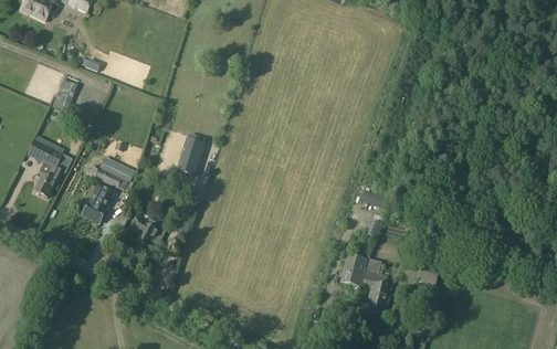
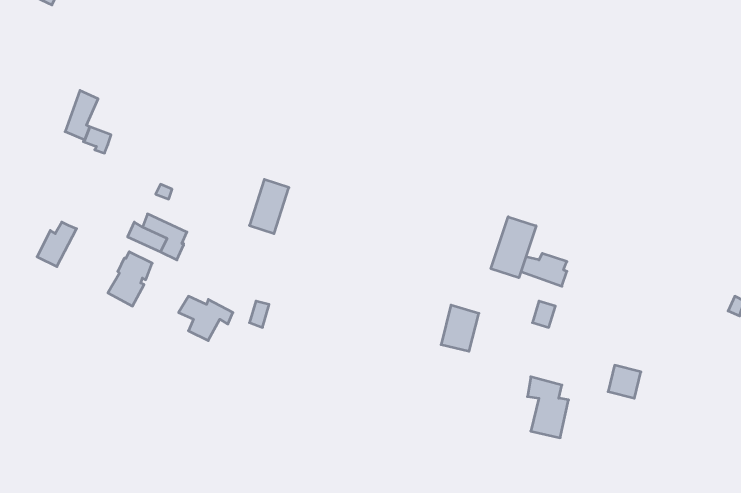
building: [27,138,62,168] -> none
building: none -> [491,217,536,278]
building: [340,253,366,284] -> [441,305,479,351]

